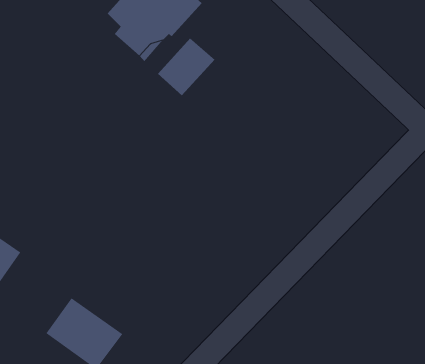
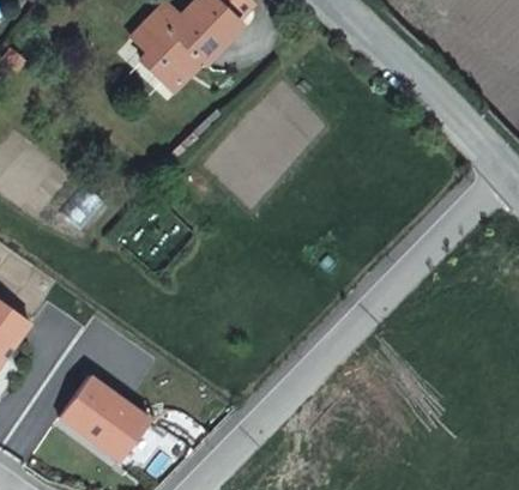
building: [157,37,216,96] -> none

